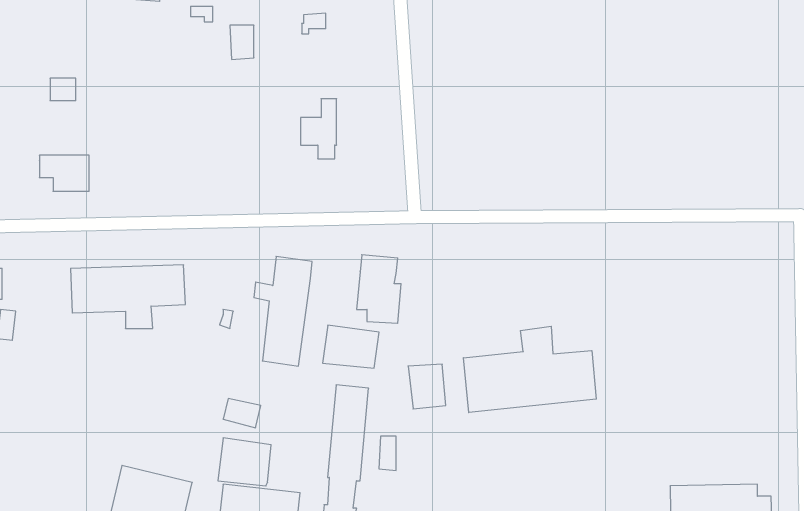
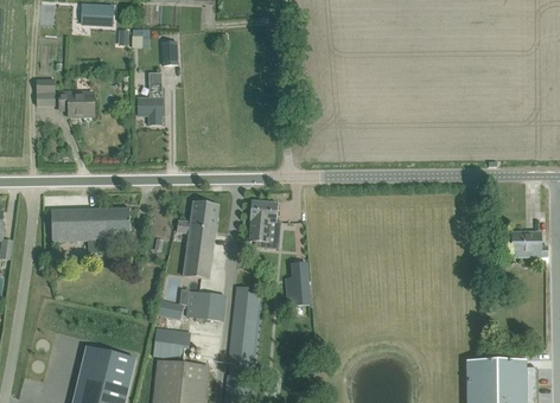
building: [301,99,337,159] -> [138,83,163,124]
building: [39,155,89,191] -> [59,91,94,116]
building: none -> [513,232,548,256]
building: [323,325,379,368] -> [186,290,225,320]
building: [463,326,596,413] -> none

